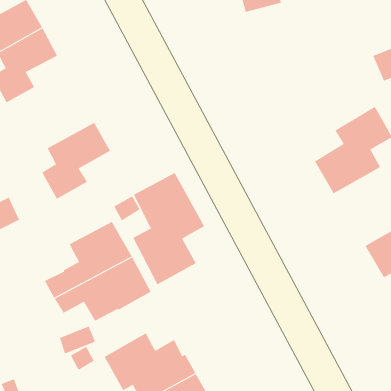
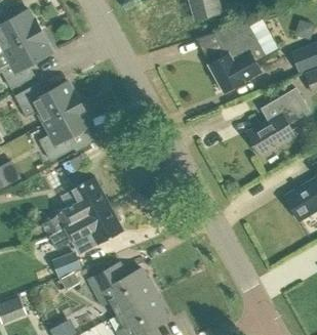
building: none -> [208,25,264,94]
building: none -> [15,81,80,122]
building: [133,172,205,285] -> none

